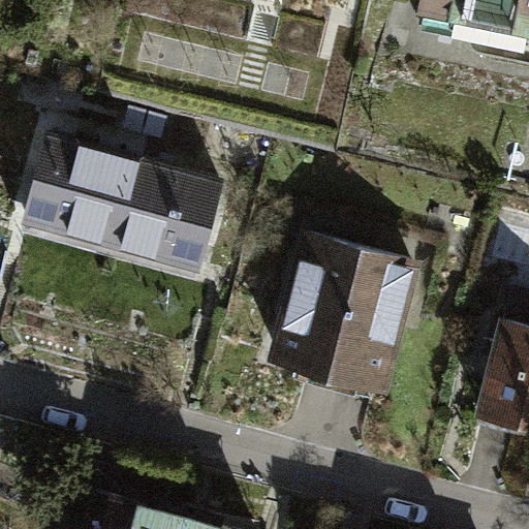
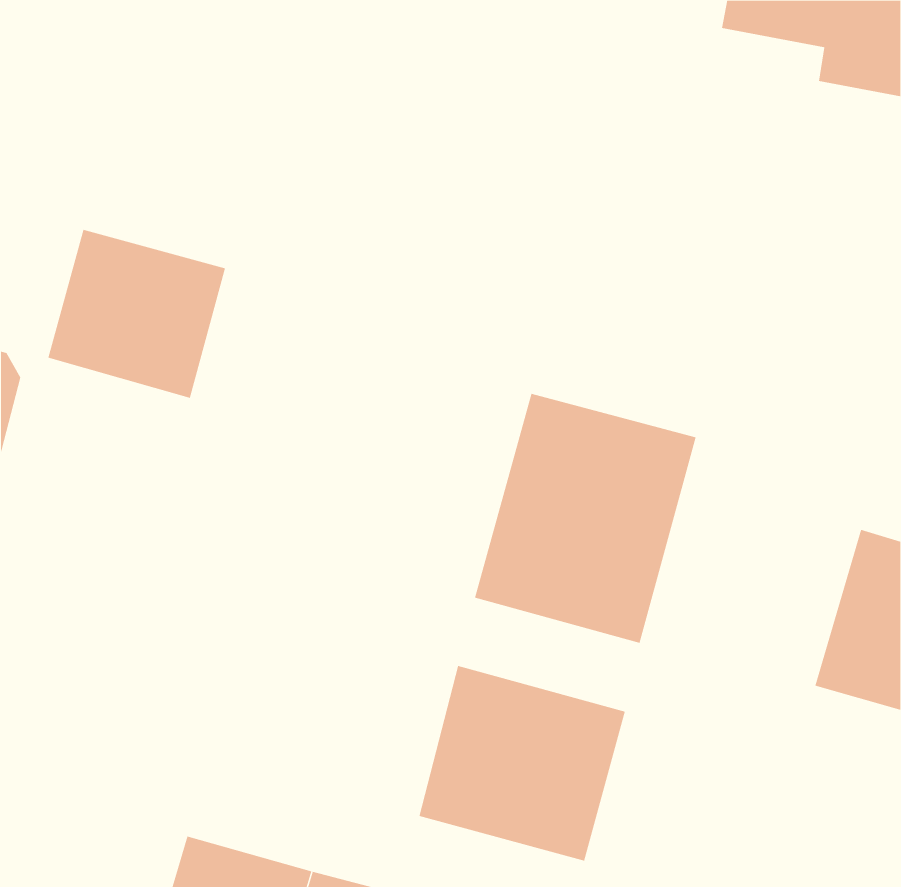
building: [112,165,216,264] -> none
building: none -> [419,665,626,861]

